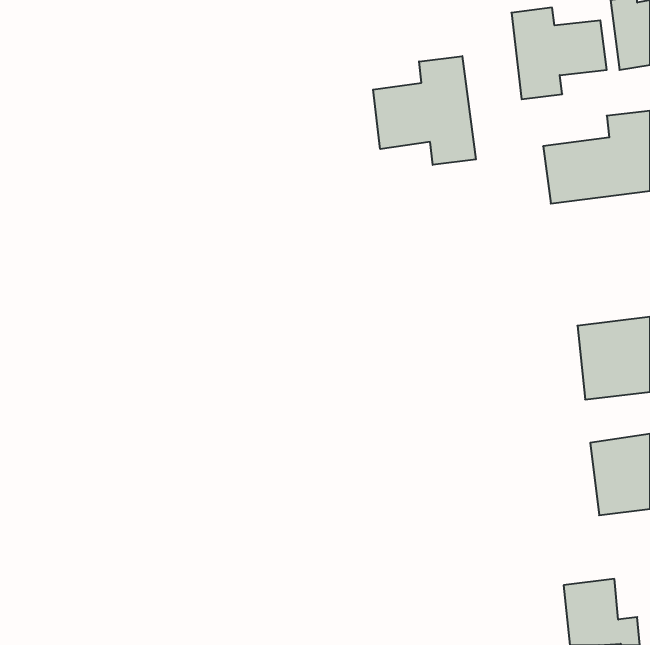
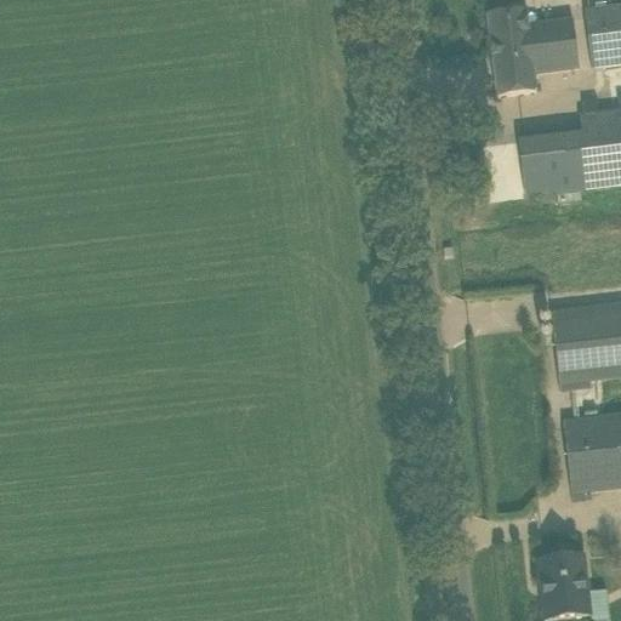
building: [373,56,476,165] -> none

